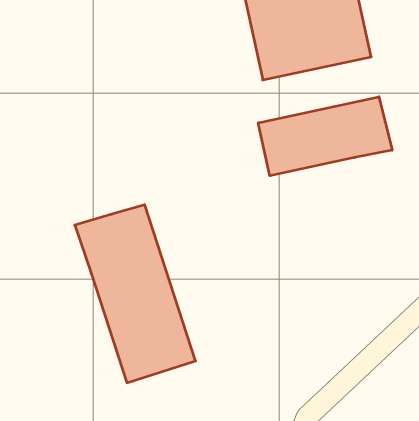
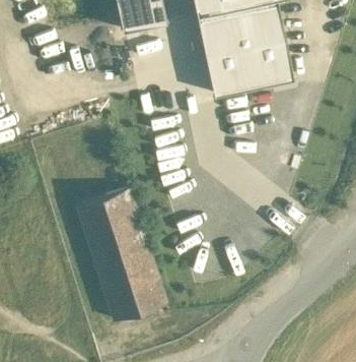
building: [258,97,392,176] -> none

